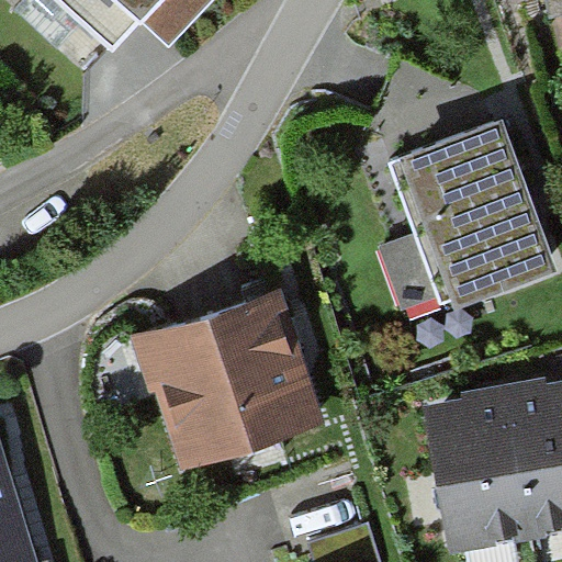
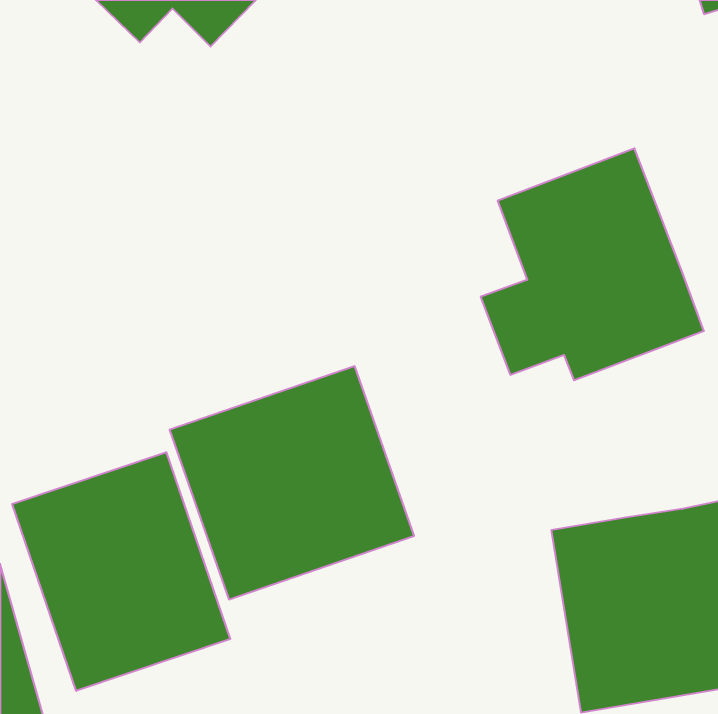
building: none -> [12,452,230,691]

